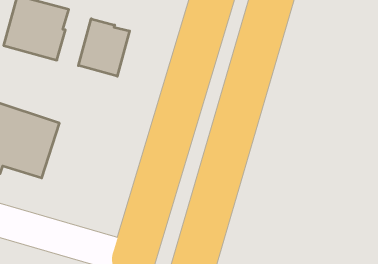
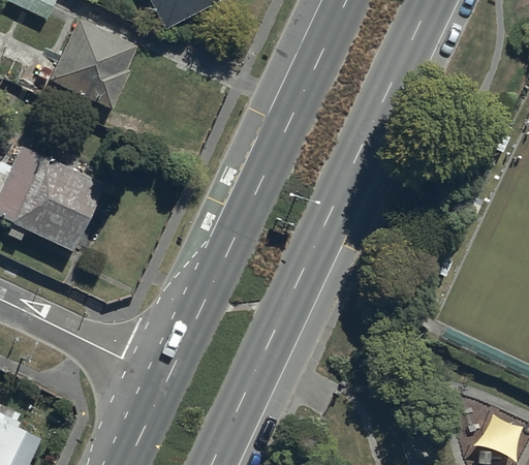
building: [78,19,130,76] -> none

